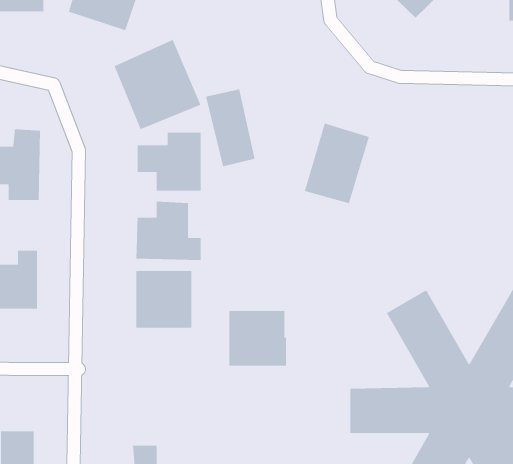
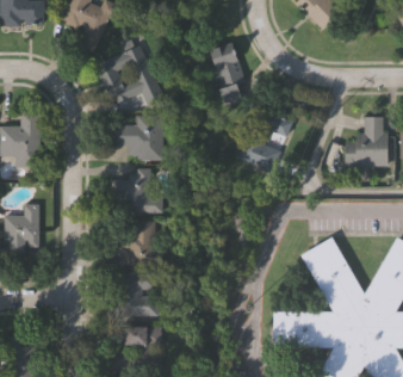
building: [205,88,256,167] -> [210,44,248,104]
building: none -> [346,117,387,167]
building: [229,310,287,367] -> [113,273,157,316]
building: none -> [124,327,161,345]

